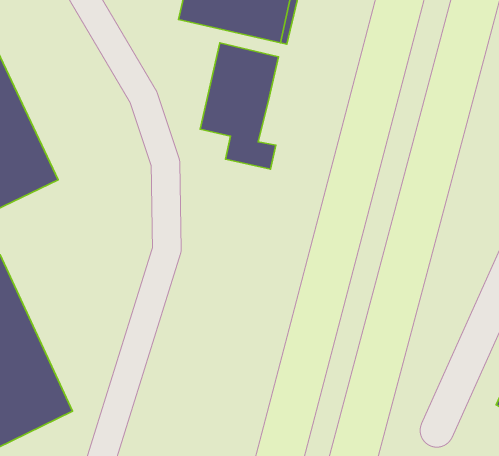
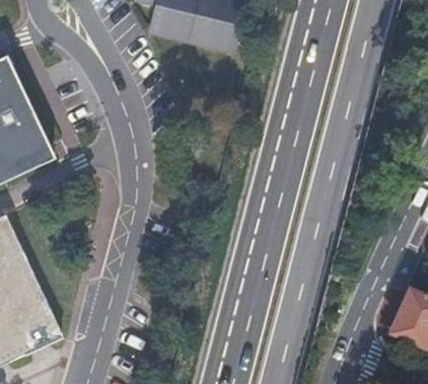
building: [200,43,278,169] -> none

